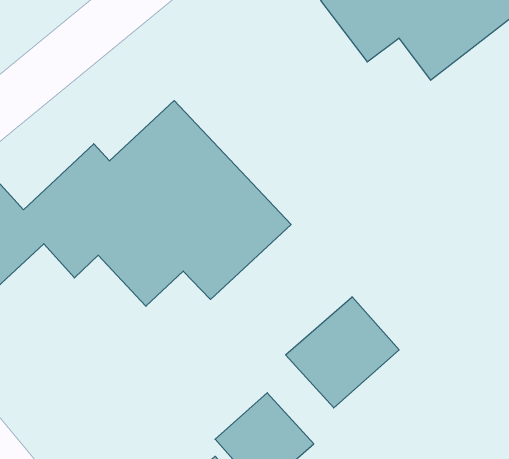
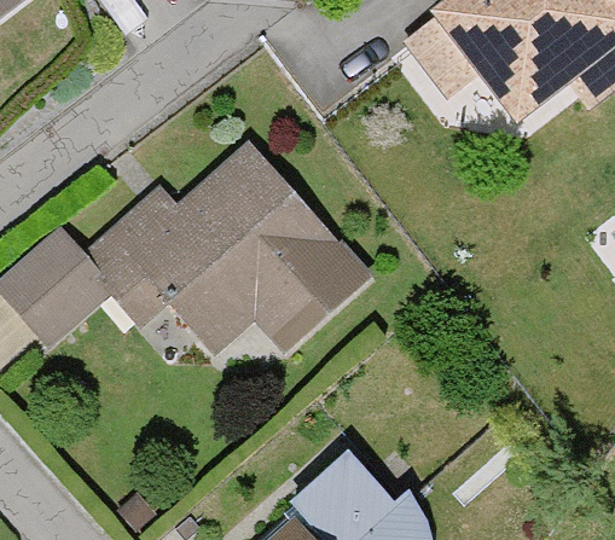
building: [286,297,399,408] -> none

